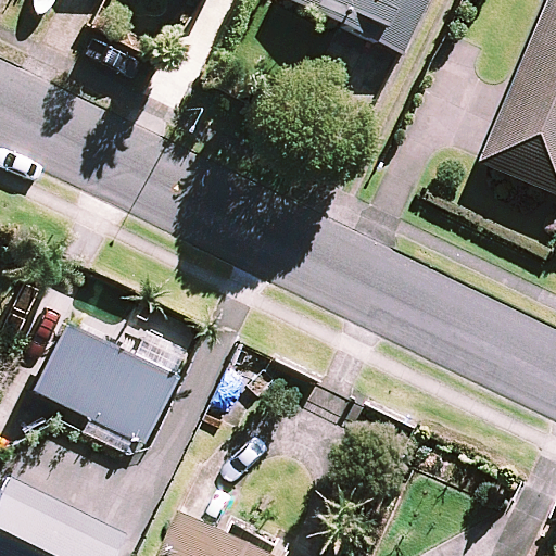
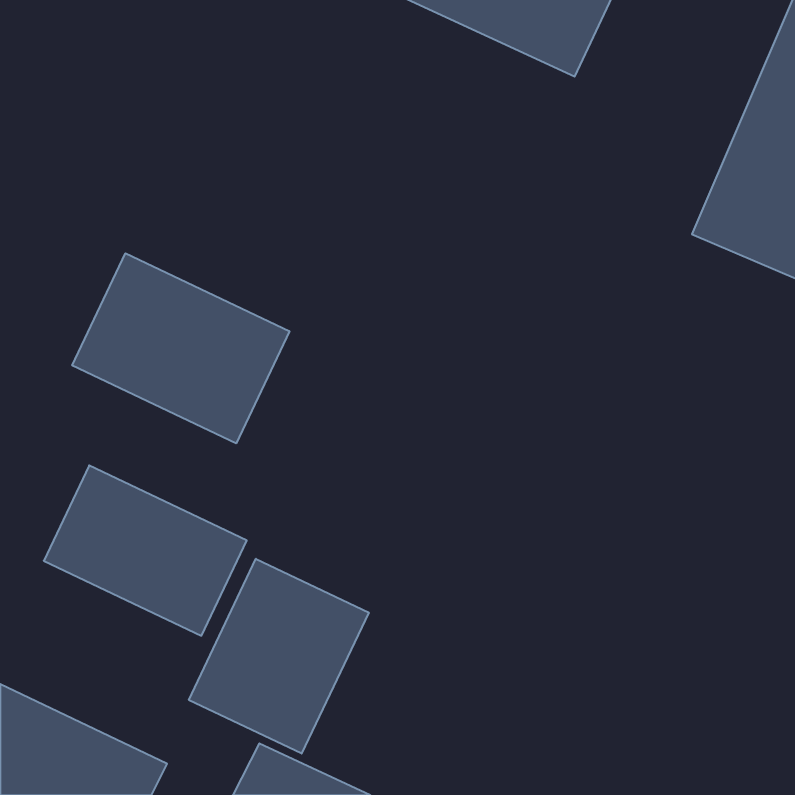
building: none -> [72,253,289,443]
building: none -> [189,559,369,754]

